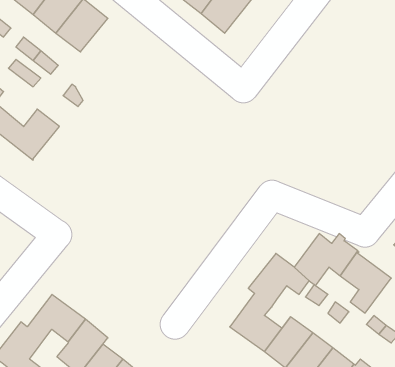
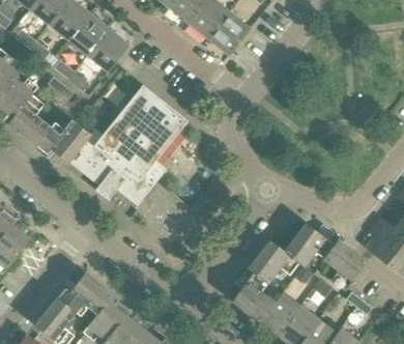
building: none -> [67,85,186,205]

